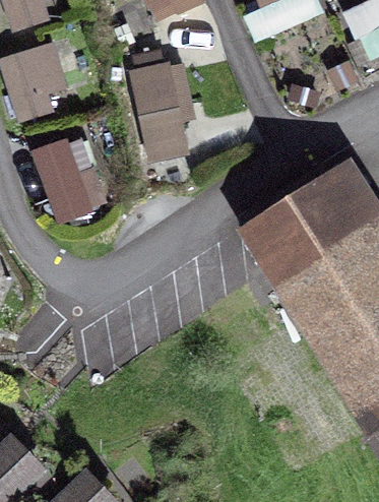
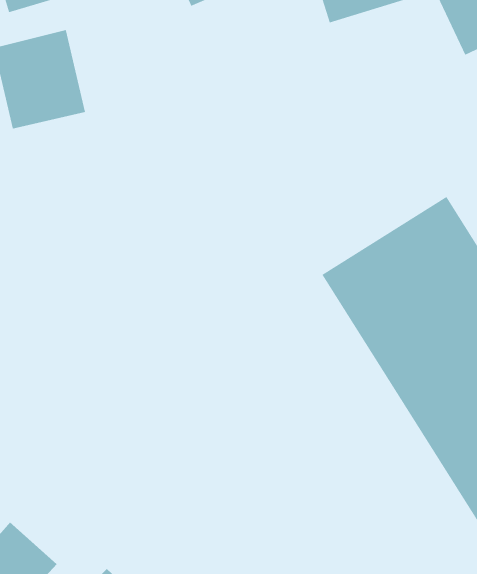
building: [128,59,202,162] -> none
building: [36,136,101,222] -> none

